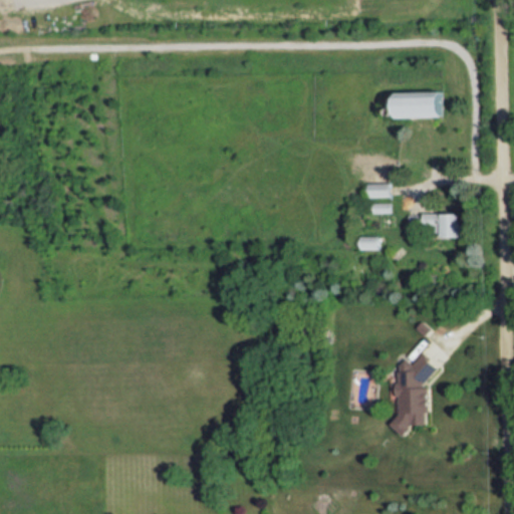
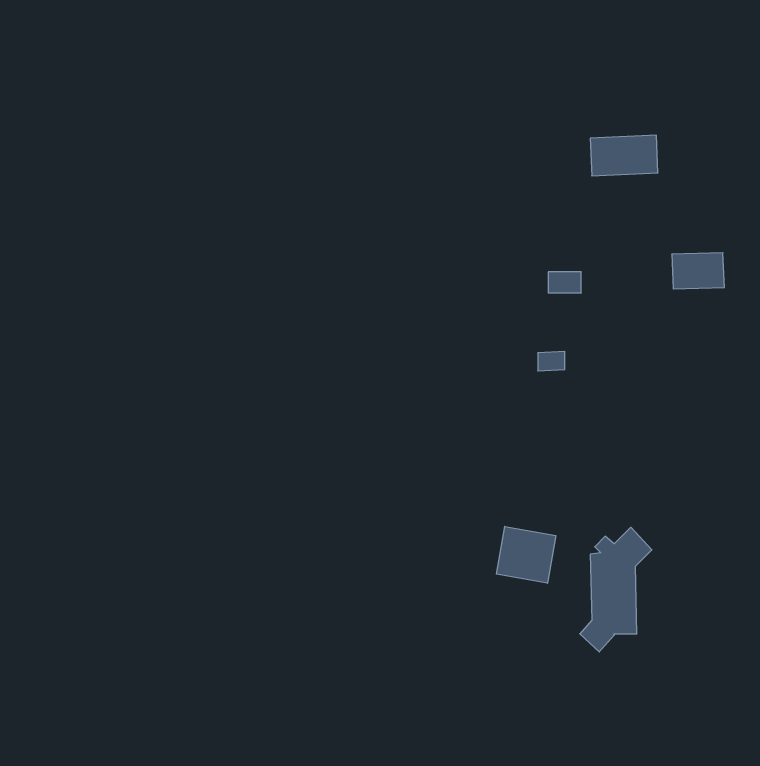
building: [422,213,457,237] -> [672,253,724,289]
building: none -> [496,526,556,583]

